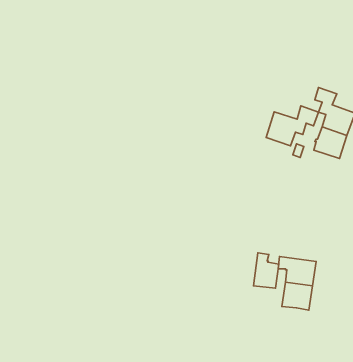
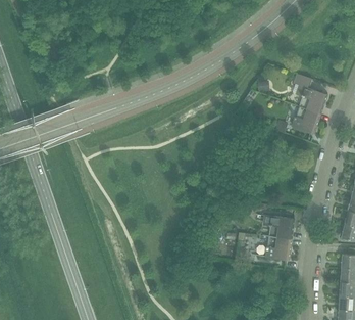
building: [266,106,319,146] -> none
building: [253,253,279,288] -> none

